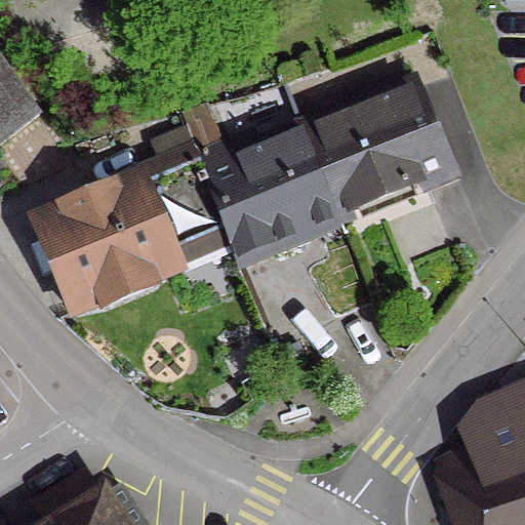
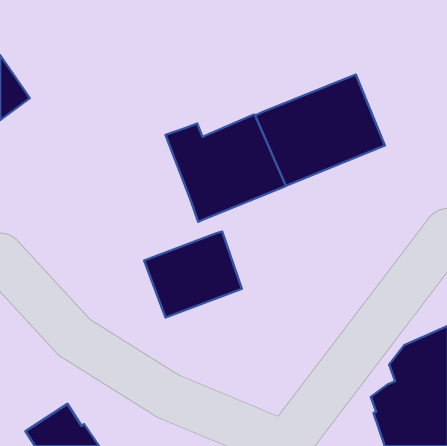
building: [32,154,225,314] -> none
building: none -> [144,232,242,318]

